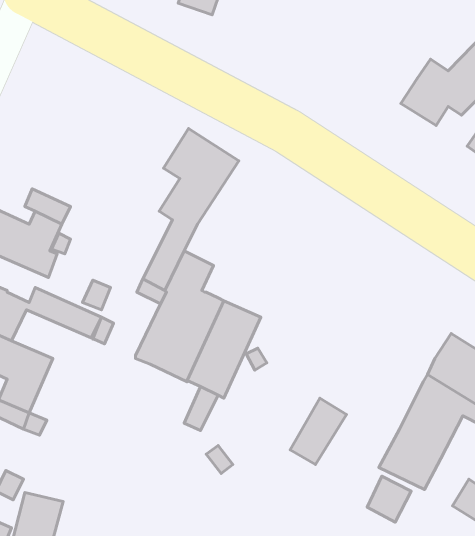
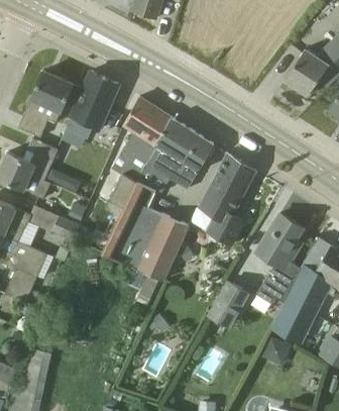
building: none -> [18,71,73,136]
building: none -> [64,71,118,135]
building: none -> [143,118,214,188]
building: none -> [197,151,254,246]
building: none -> [256,213,303,303]

